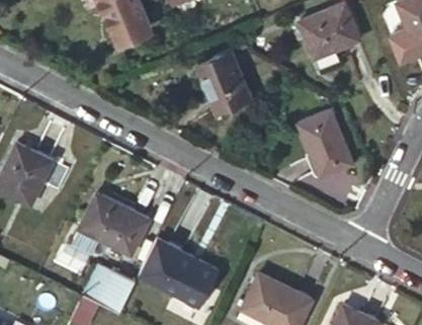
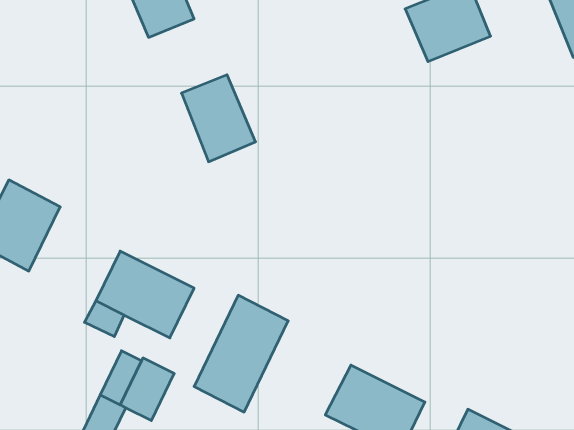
building: [205,48,258,109] -> [181,75,256,162]
building: [305,107,354,173] -> none

